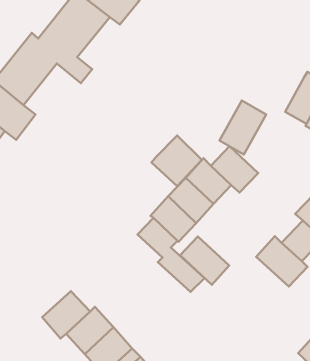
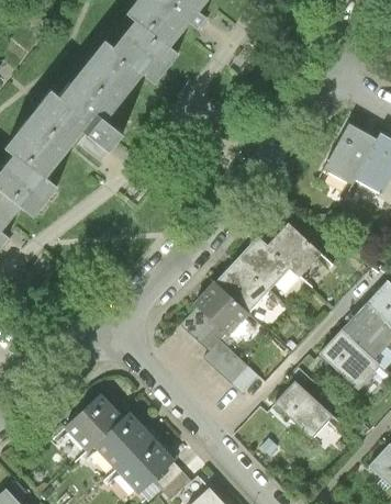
building: [220,101,266,154] -> [322,123,377,187]
building: [151,135,202,186] -> none
building: [180,237,229,285] -> [275,381,333,438]

